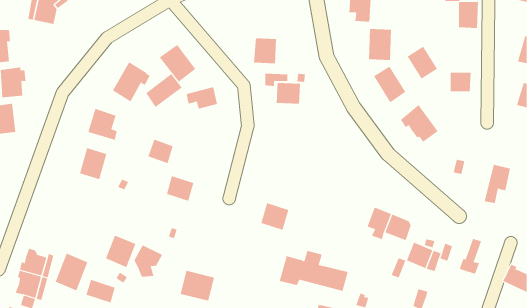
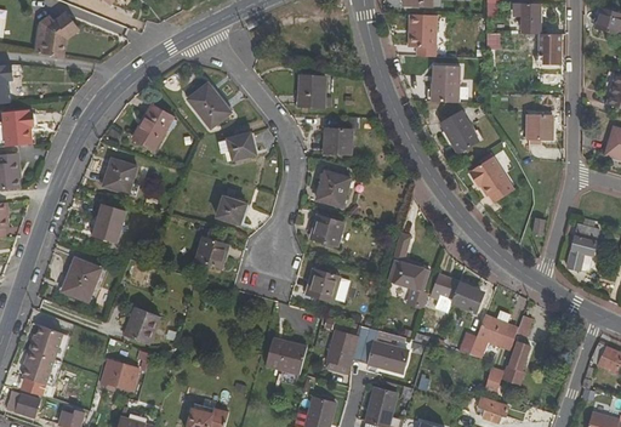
building: [407,46,438,80] -> none
building: [145,73,182,108] -> none
building: none -> [317,170,351,206]
building: [148,139,173,164] -> [216,195,246,224]
building: none -> [310,215,344,246]
building: none -> [387,232,429,291]
building: [459,238,482,274] -> [501,341,528,383]
building: [134,244,163,277] -> none
building: [55,253,88,291] -> [62,256,101,301]
building: [180,270,215,301] -> [266,337,307,374]

